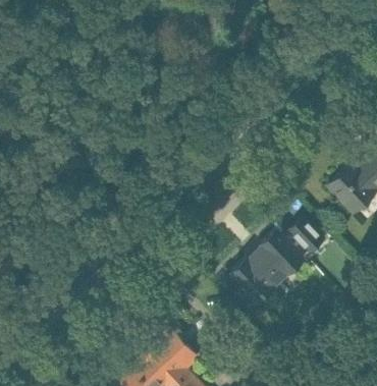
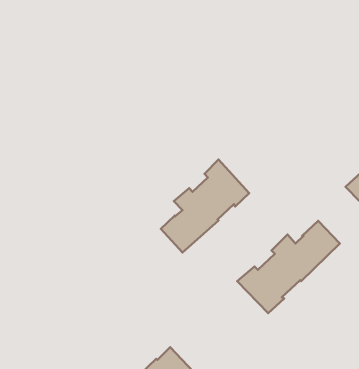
building: none -> [161,159,249,253]

